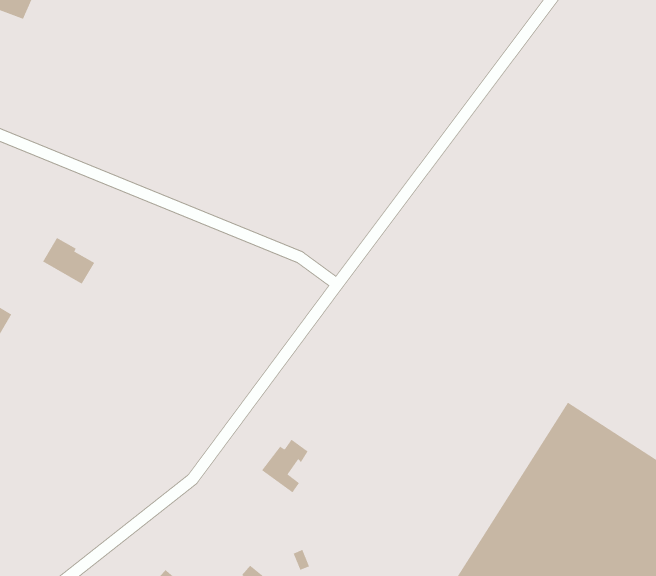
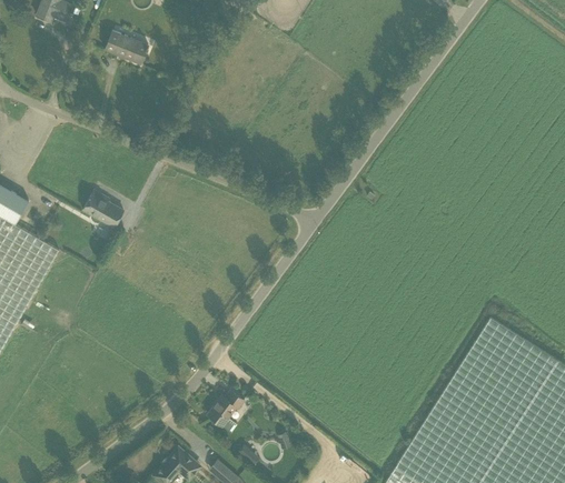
building: none -> [105,29,148,62]
building: [261,439,308,493] -> [207,389,244,431]

